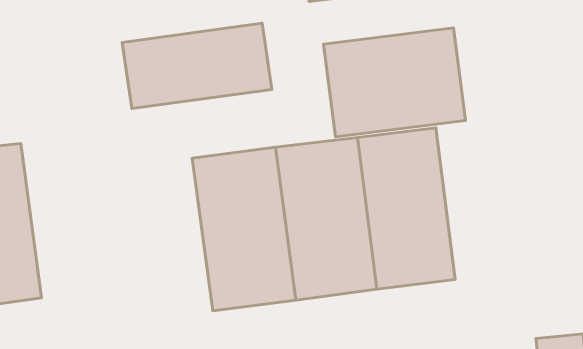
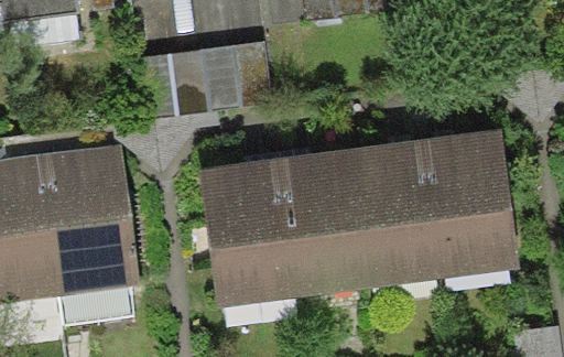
building: [323,28,465,137] -> none
building: none -> [422,128,519,278]
building: none -> [43,142,140,294]

